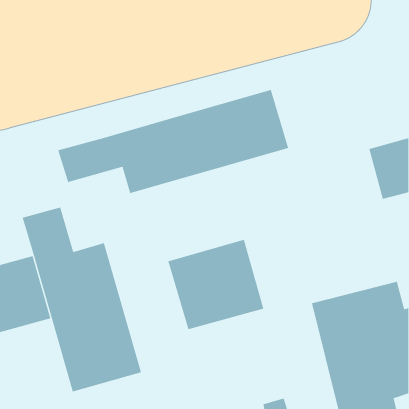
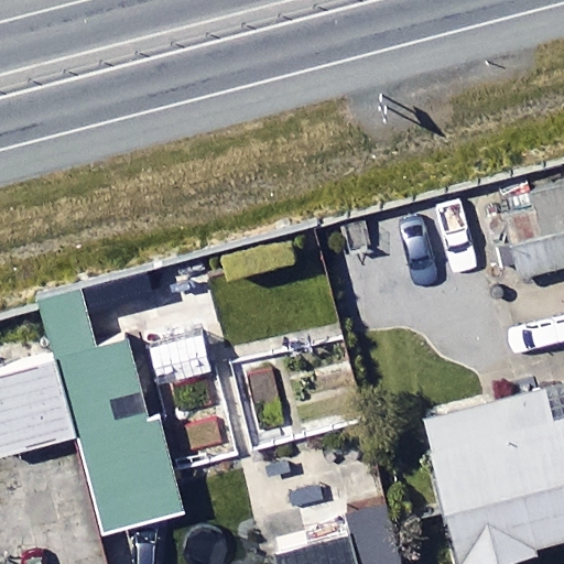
building: [58,89,289,194] -> none

